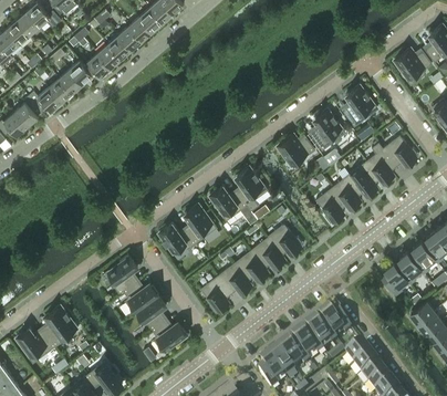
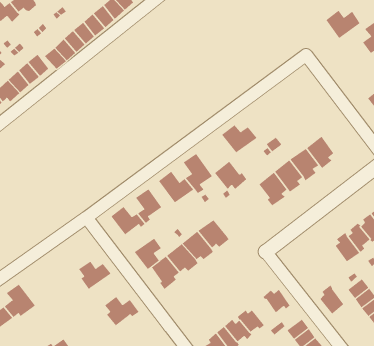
building: [394,49,432,80] -> [325,10,361,39]
building: [343,84,377,125] -> none
building: [310,108,345,148] -> none
building: [383,134,418,166] -> none
building: [268,223,303,254] -> [214,161,247,190]
building: [105,253,137,292] -> none
building: [383,261,409,293] -> [319,285,344,315]
building: [136,294,166,329] -> [134,238,162,270]
building: [305,322,336,350] -> none

